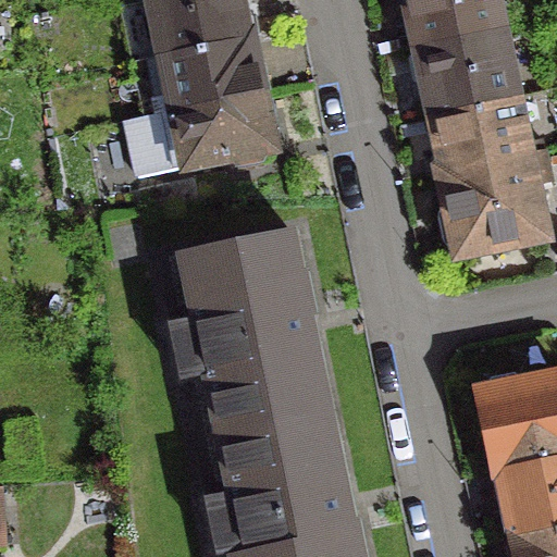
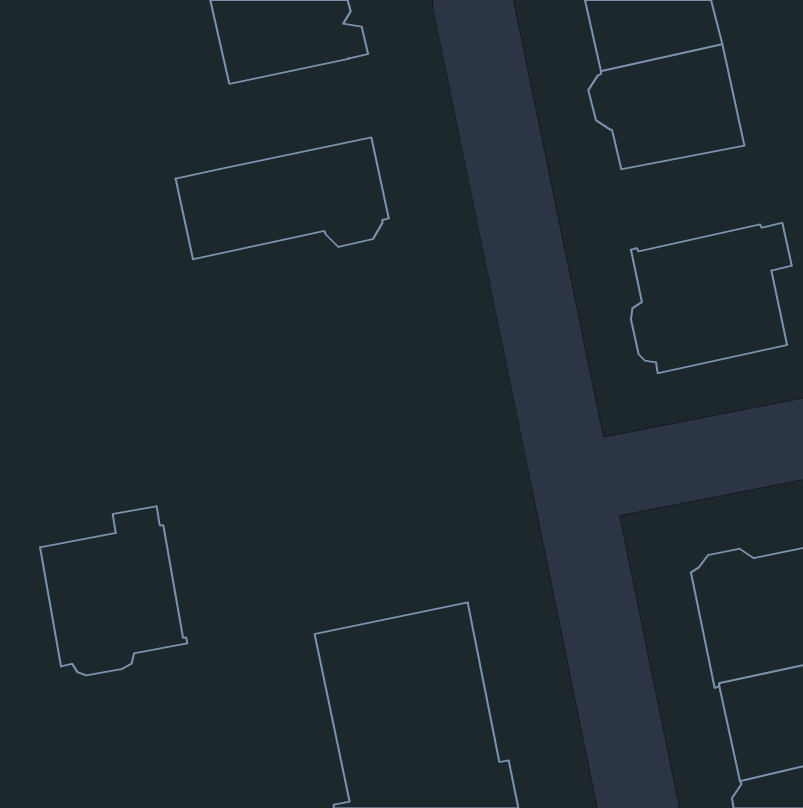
building: [151,39,259,116] -> none
building: [431,100,527,173] -> none
building: [183,235,325,436] -> none
building: none -> [40,506,187,675]

